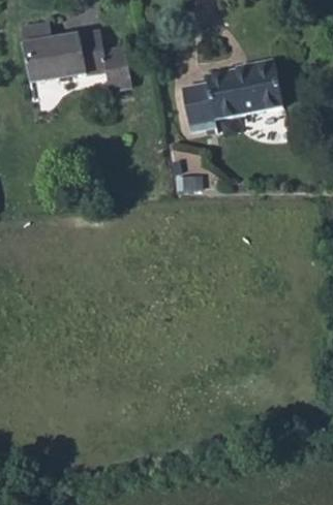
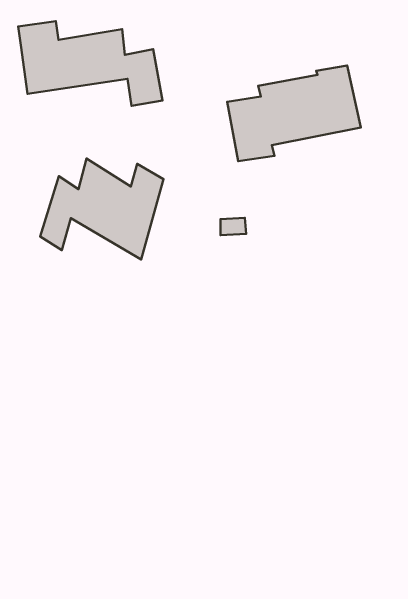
building: none -> [40,159,164,259]

